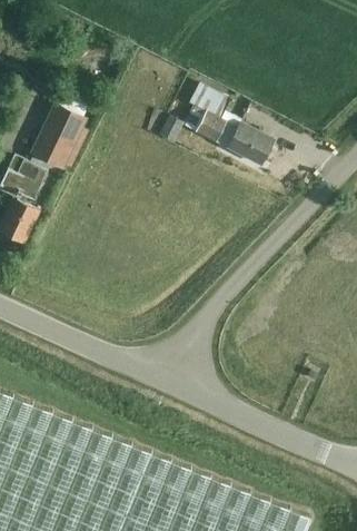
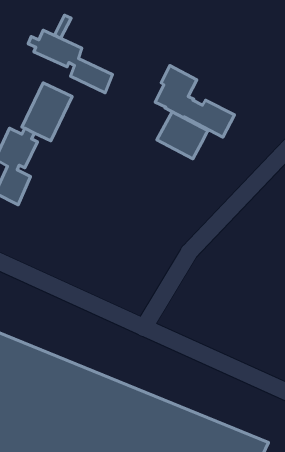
building: none -> [28,30,112,93]
building: none -> [157,112,208,159]

